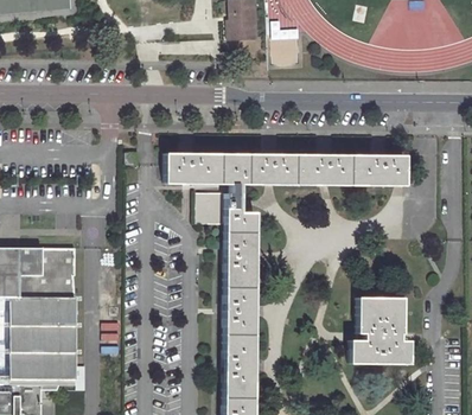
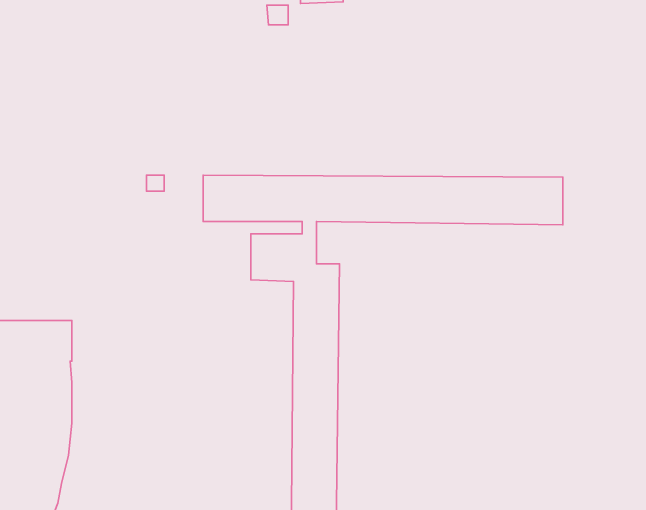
building: [351,296,412,363] -> none

